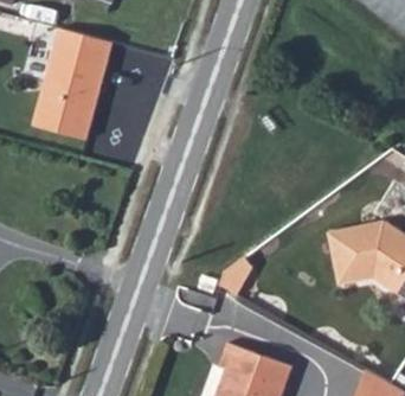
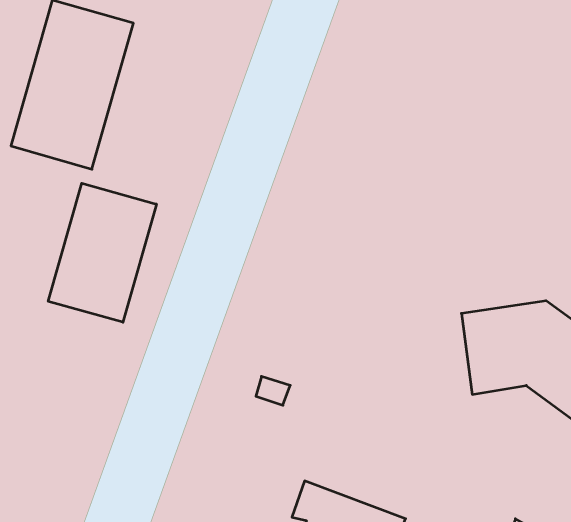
building: none -> [48,183,156,322]

